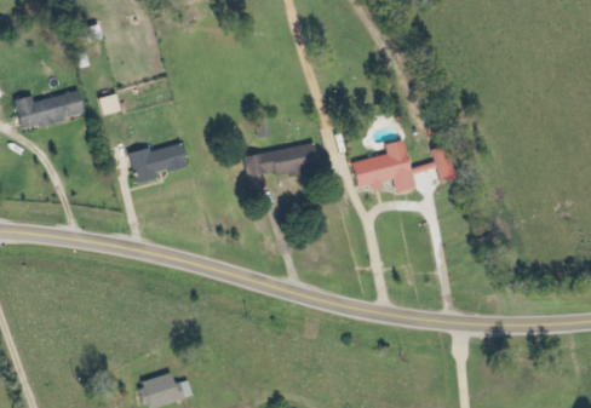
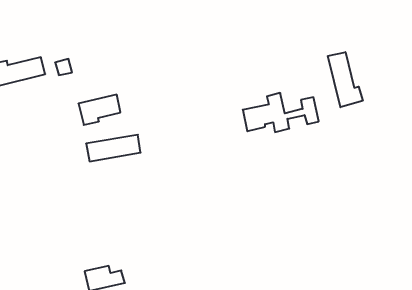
building: none -> [328,52,363,107]
building: [245,143,319,179] -> [86,135,141,161]

